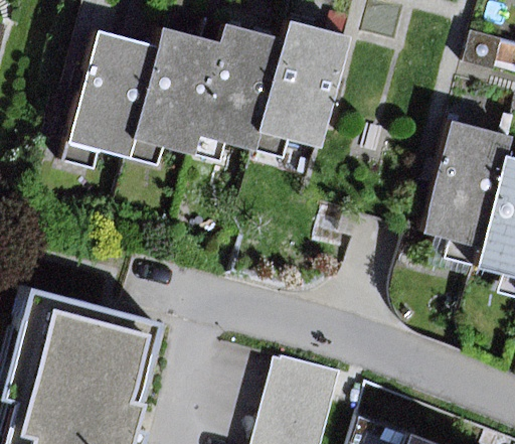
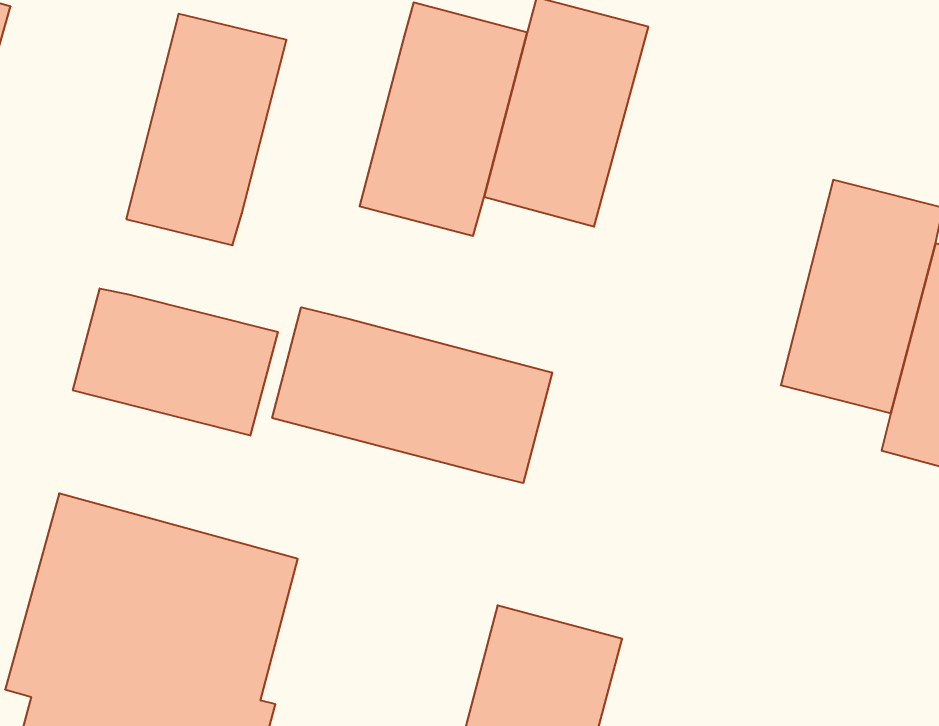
building: [134,30,221,156] -> none
building: none -> [73,288,278,436]
building: none -> [272,307,552,483]

